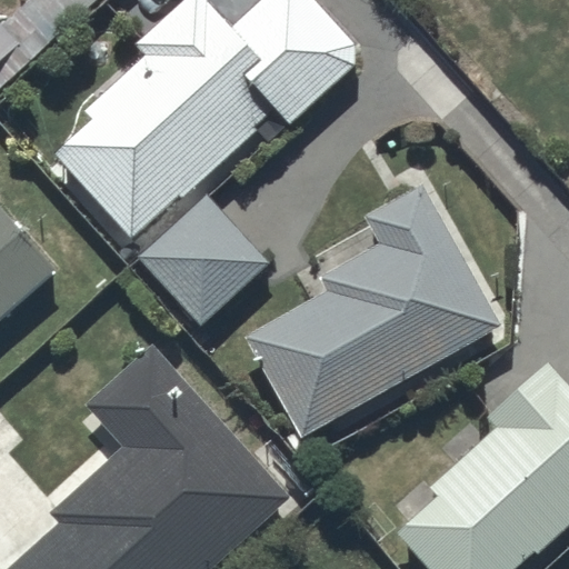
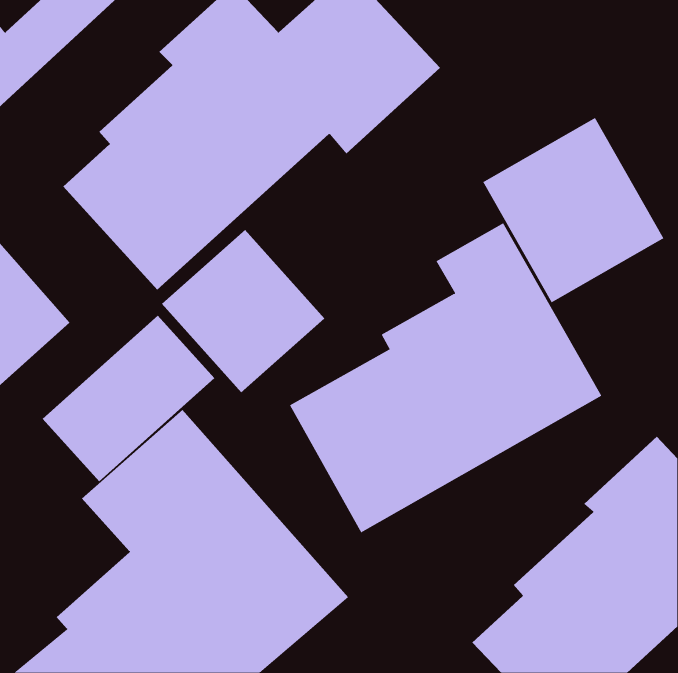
building: none -> [483,117,664,303]
building: none -> [42,315,215,482]

